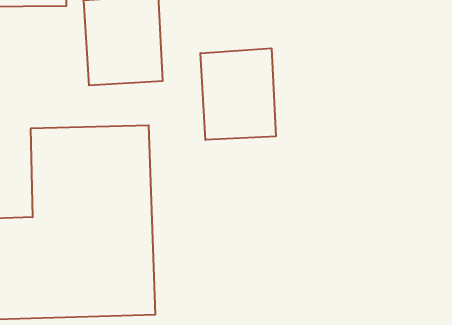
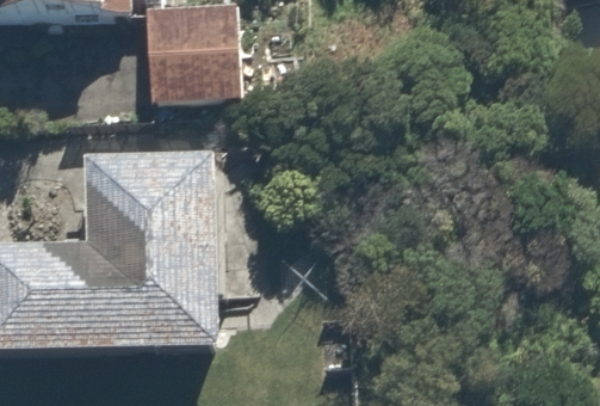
building: [200,48,276,140] -> none

